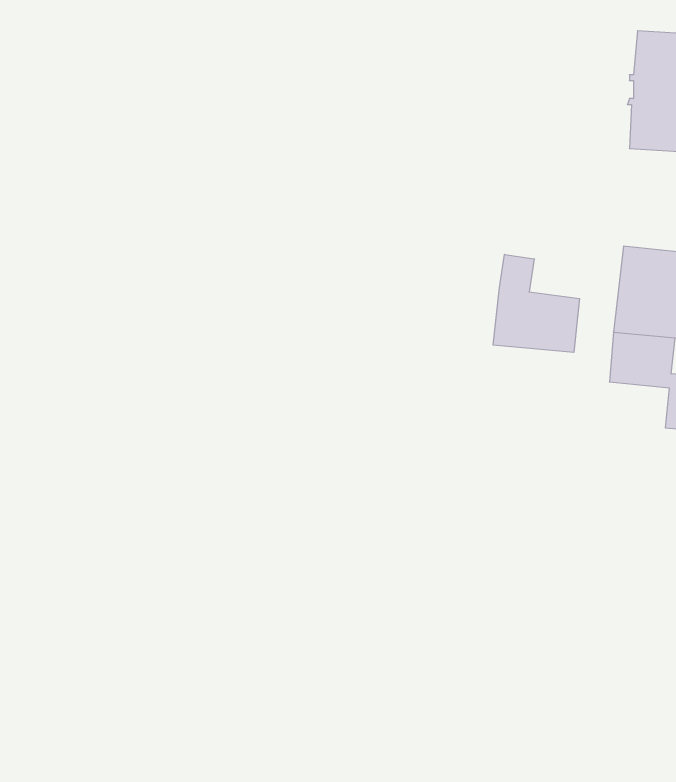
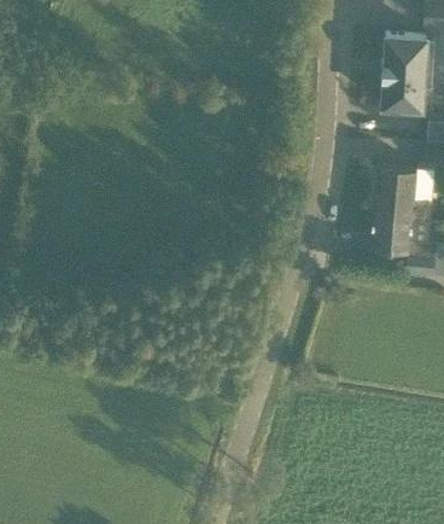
building: [493,254,579,352] -> none

